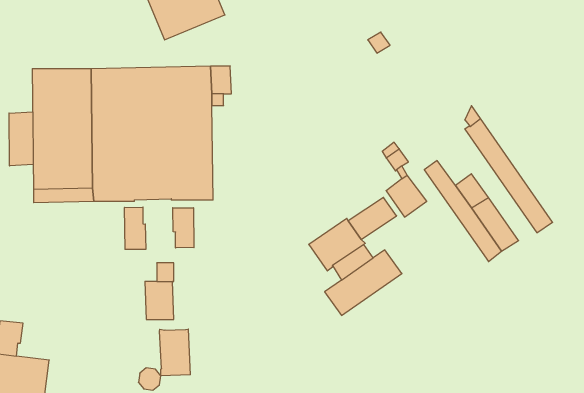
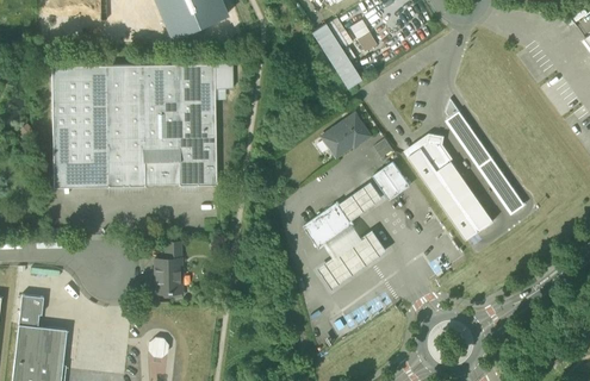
building: none -> [311,23,361,88]
building: [9,112,33,166] -> none
building: none -> [321,113,369,154]
building: none -> [420,136,451,171]
building: [125,207,146,249] -> none
building: [173,208,194,248] -> none
building: [160,329,190,376] -> none

